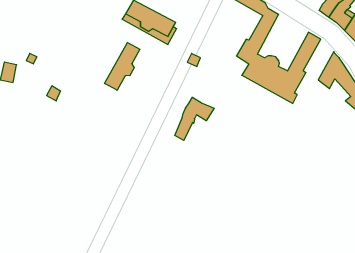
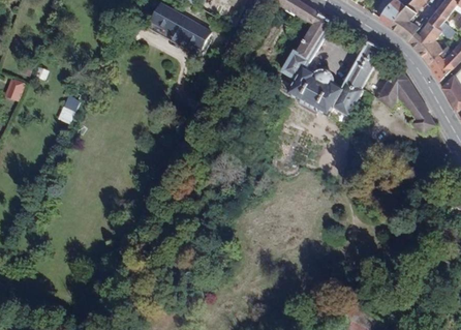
building: [105,43,140,90] -> none
building: [175,97,214,140] -> none

